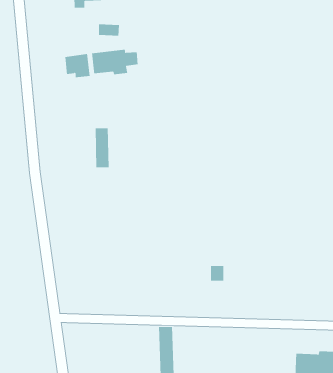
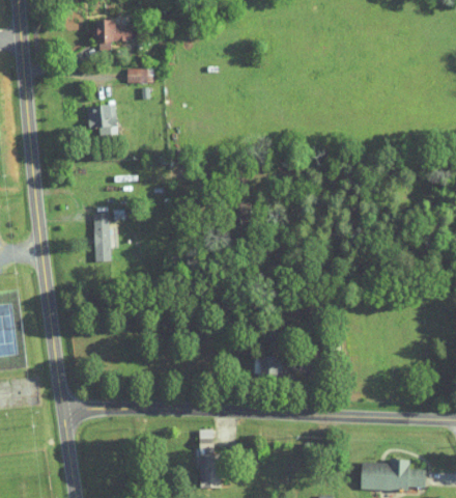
building: [92,49,138,75] -> none
building: [95,128,109,168] -> [93,214,111,261]

